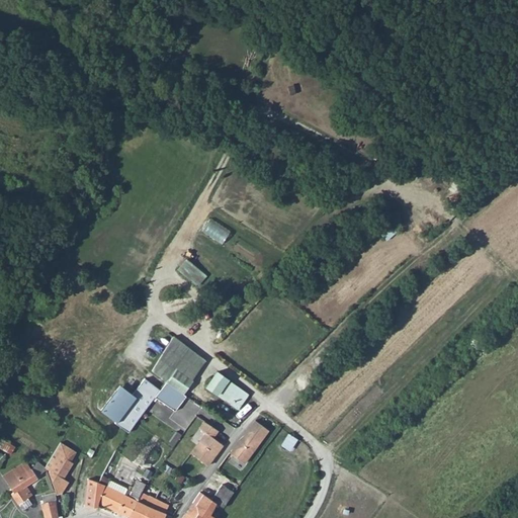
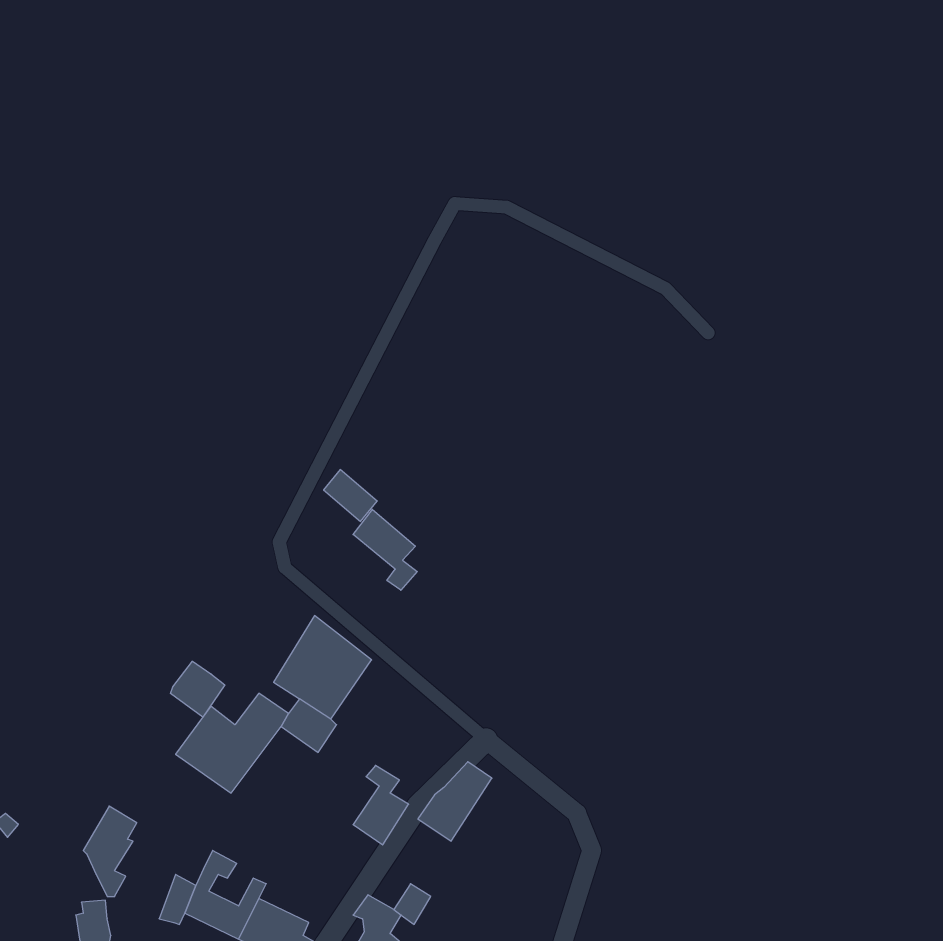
building: [201,219,231,245] -> none
building: none -> [353,509,417,590]
building: none -> [170,661,225,717]
building: [202,371,245,410] -> none
building: [4,457,48,504] -> none

